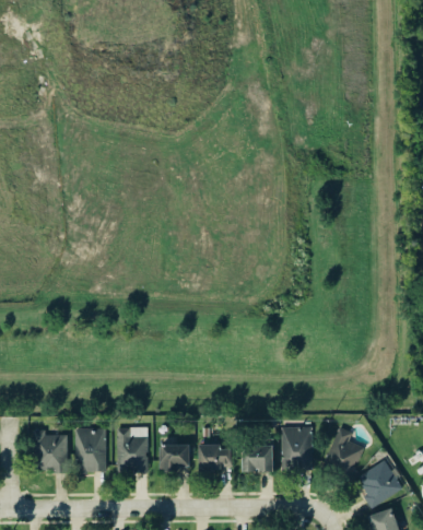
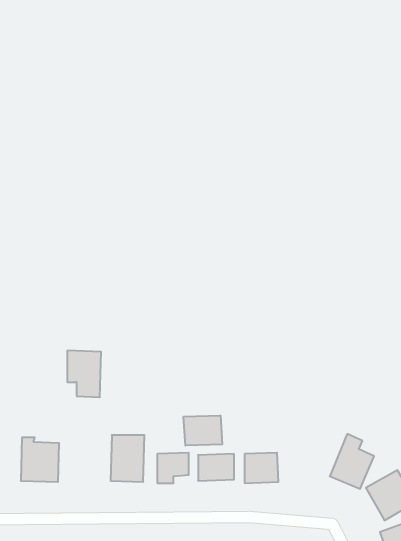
building: none -> [184,415,222,446]
building: [281,426,312,469] -> none
building: [74,427,106,471] -> [67,351,101,397]

